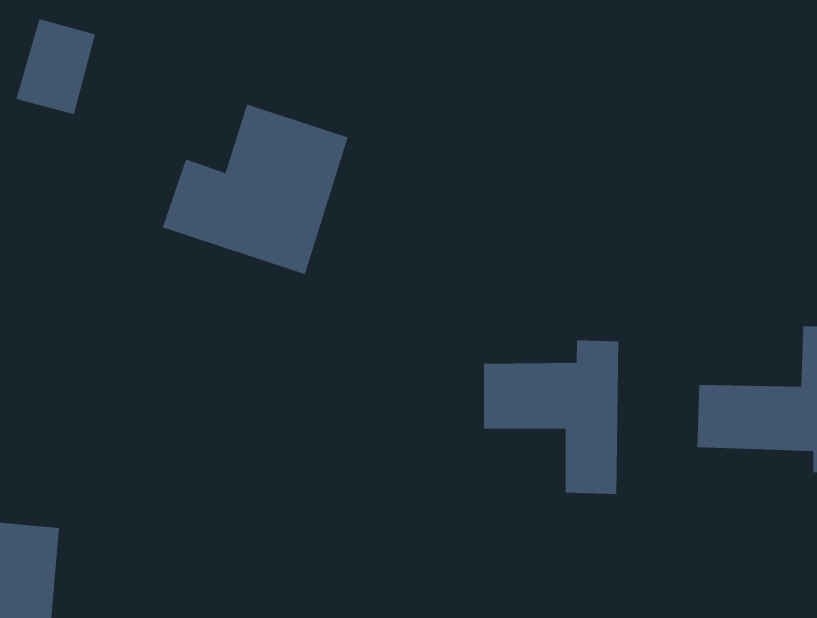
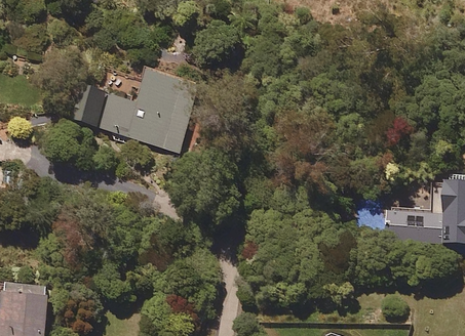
building: [15,19,96,115] -> [69,76,111,126]
building: [483,339,619,495] -> none

